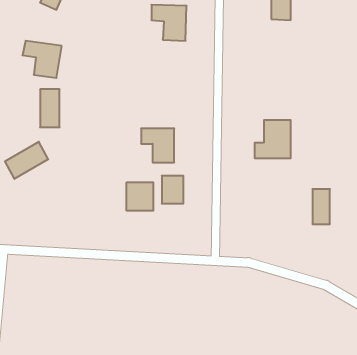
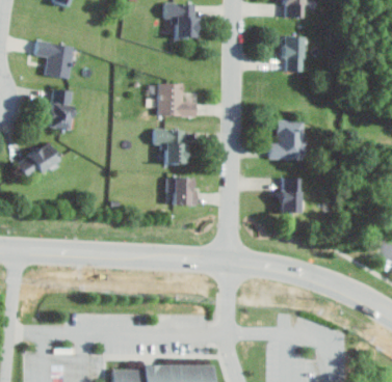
building: none -> [284,38,304,75]
building: none -> [158,84,195,117]
building: [127,182,153,211] -> none
building: [312,189,330,224] -> [282,178,299,213]

